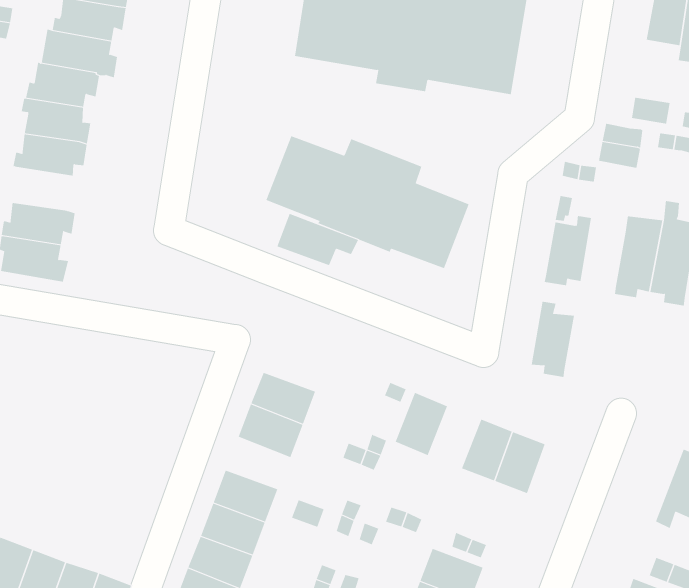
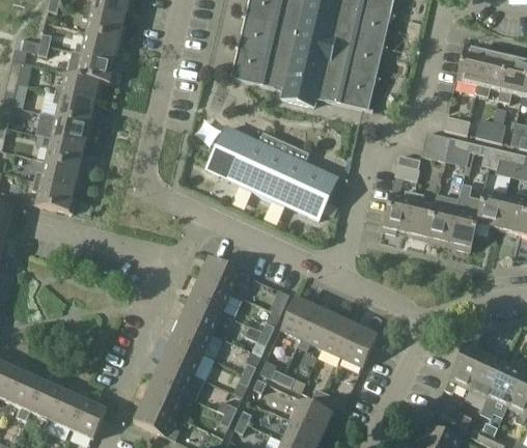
building: none -> [44,137,87,169]
building: [277,213,359,266] -> [198,257,251,292]
building: [531,301,575,378] -> [406,192,436,242]
building: none -> [298,307,336,348]
building: none -> [170,318,213,354]

